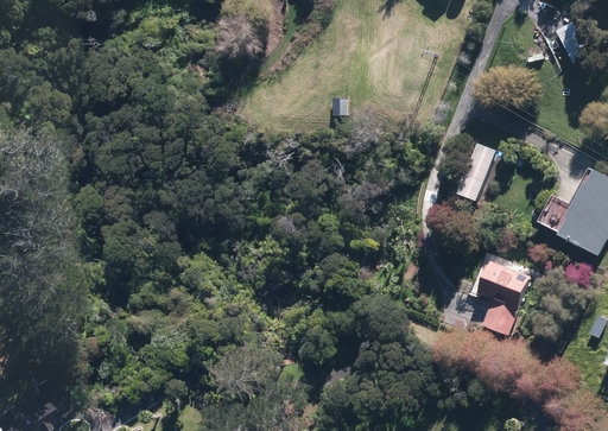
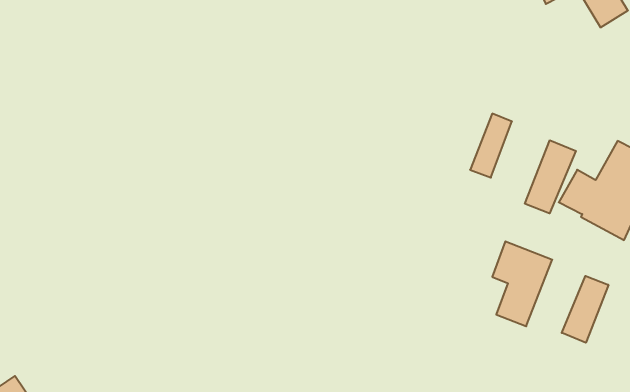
building: none -> [525,140,576,213]
building: none -> [562,276,608,343]

